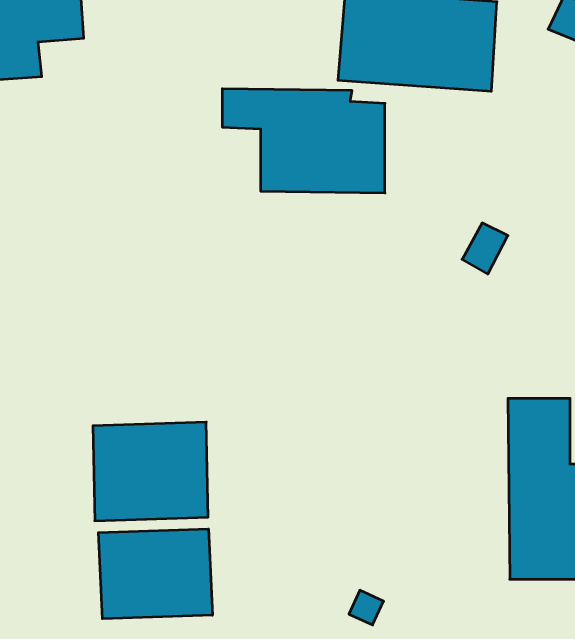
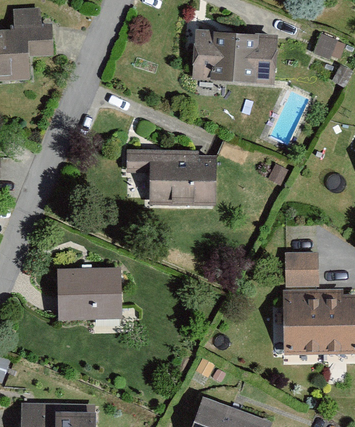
building: [222,89,385,193] -> [127,151,216,208]
building: [98,529,212,619] -> none

